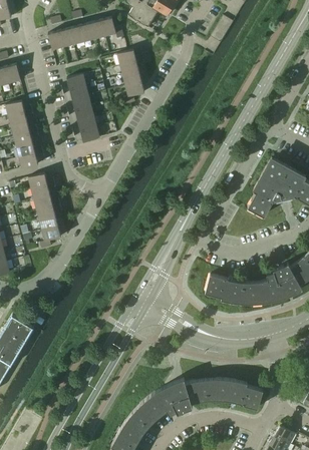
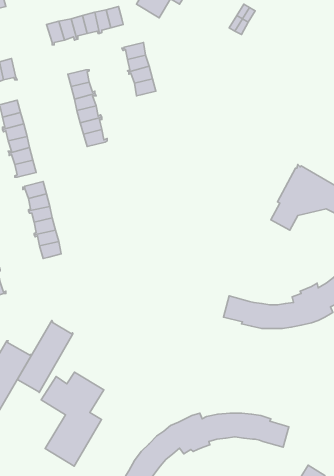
building: none -> [17,321,73,393]
building: none -> [41,372,104,466]

